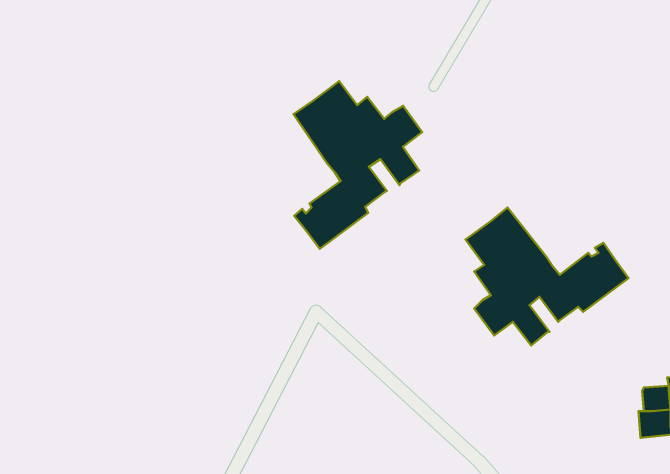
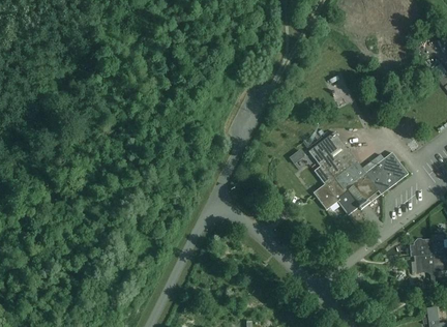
building: [293,81,422,249] -> none

